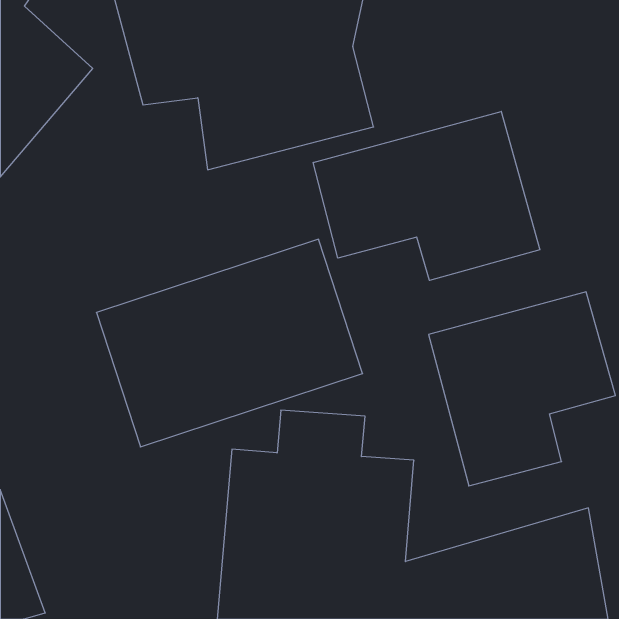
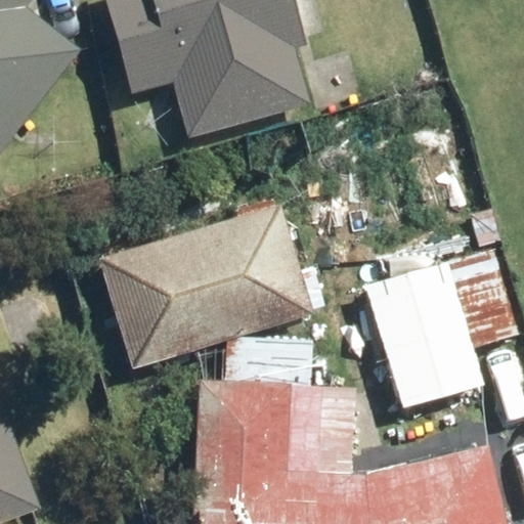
building: [313,111,540,280] -> none

